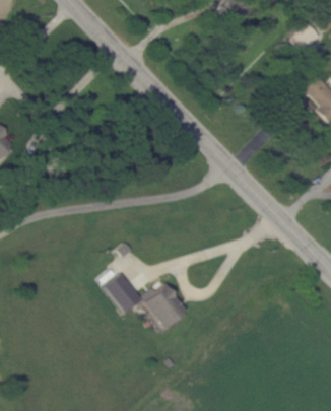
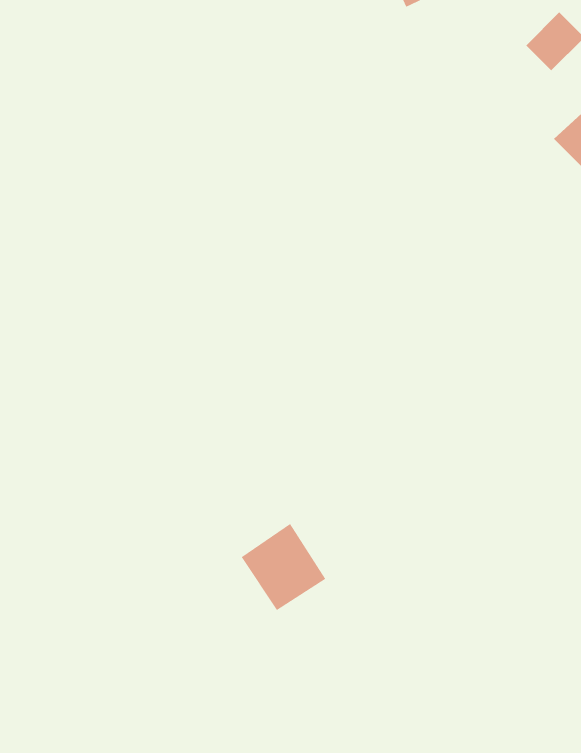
building: [105,274,141,312] -> none

